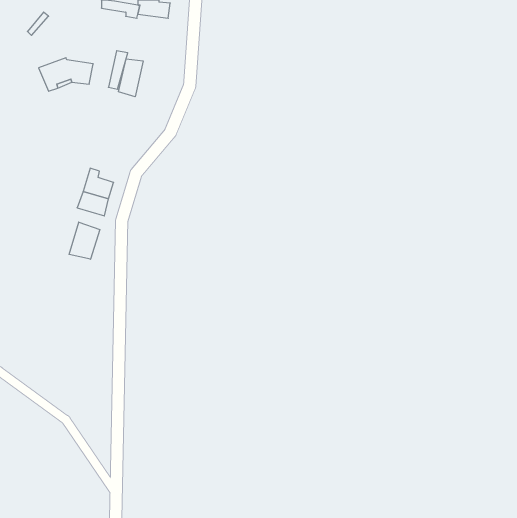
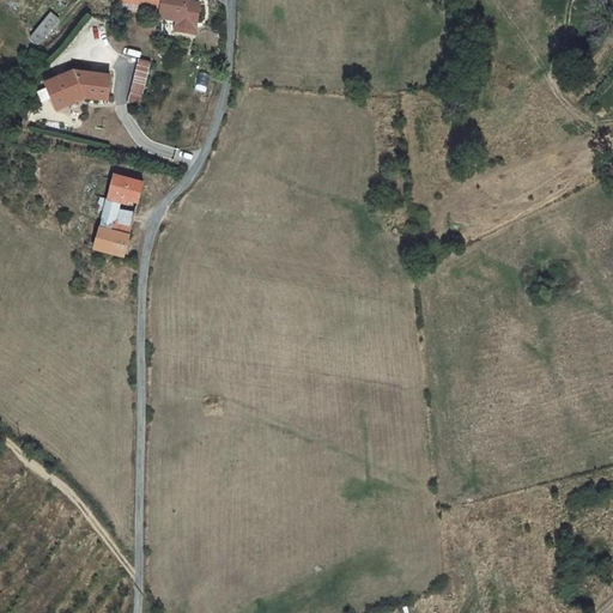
building: [118,59,143,97] -> none
building: none -> [107,174,145,202]
building: [69,222,100,259] -> none

